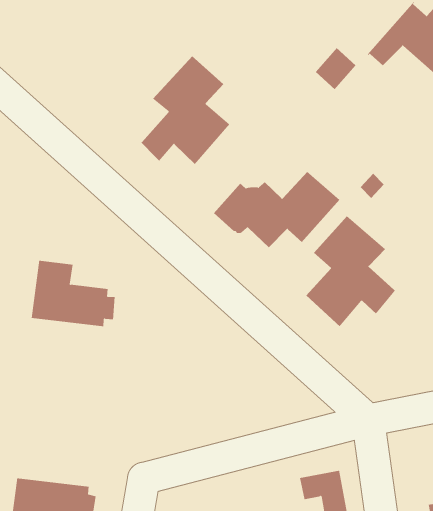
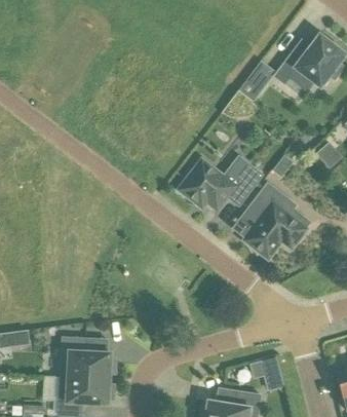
building: [137,55,230,165] -> none
building: [31,260,116,327] -> [60,338,115,379]

